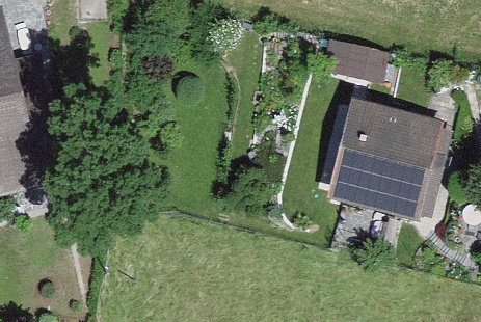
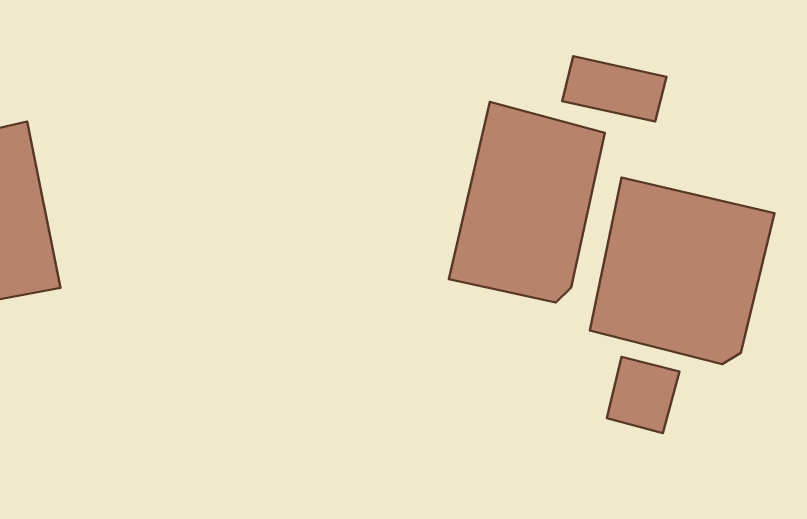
building: none -> [449,102,605,303]

